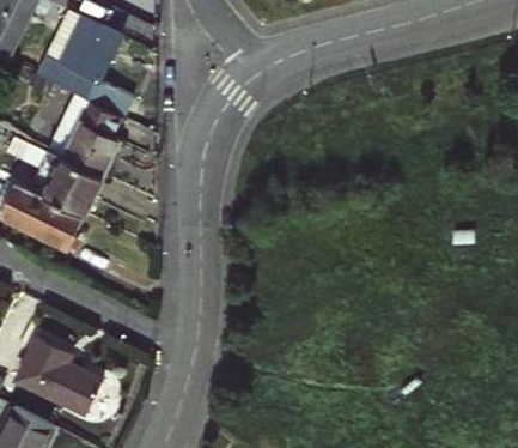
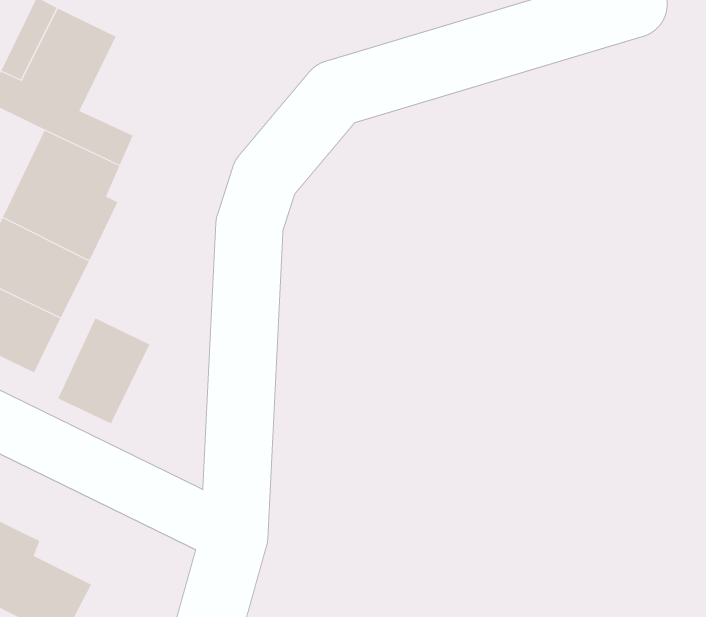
building: none -> [57,318,150,424]

